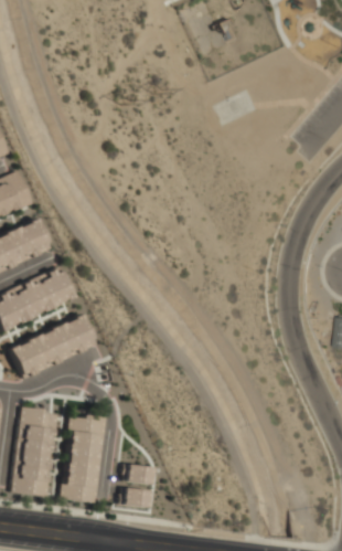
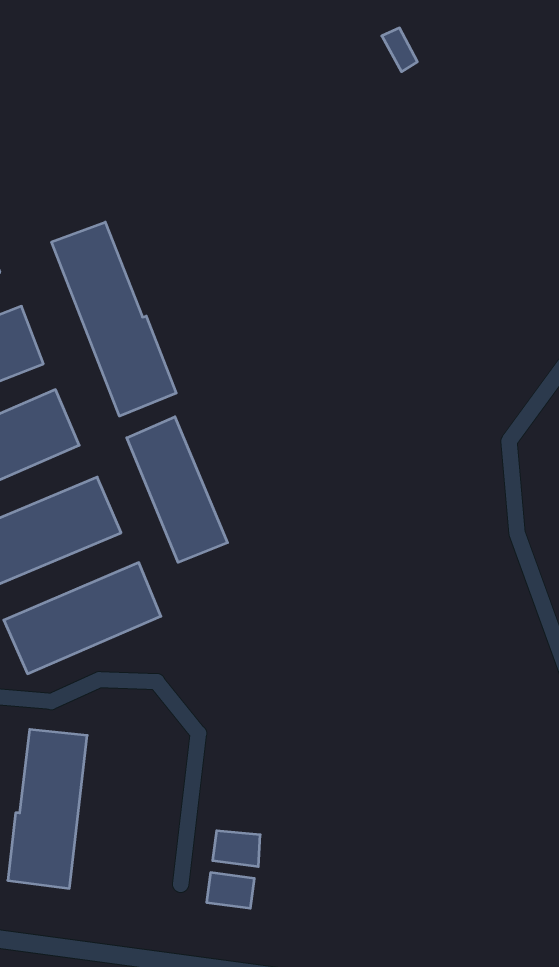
building: none -> [52,222,176,416]
building: none -> [127,417,228,562]
building: [64,415,107,502] -> none

